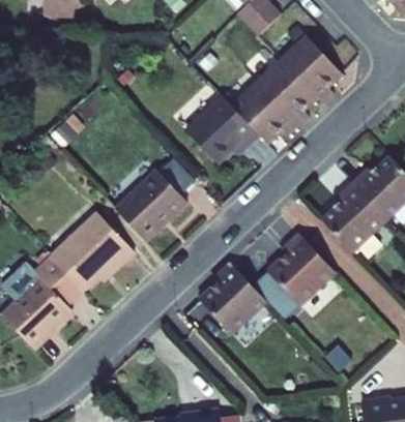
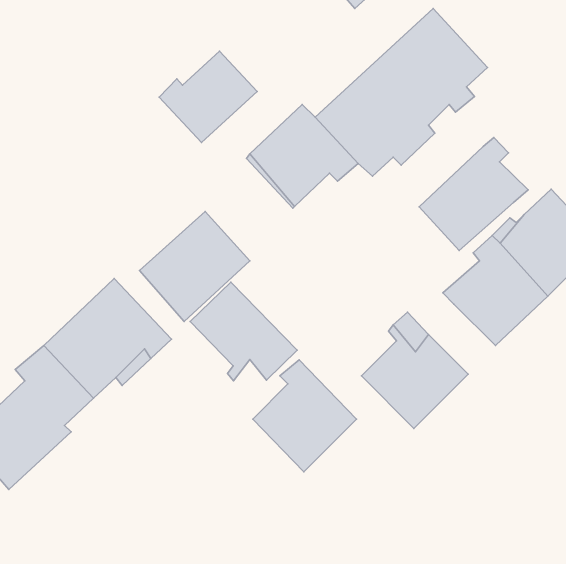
building: none -> [159,51,257,142]
building: none -> [419,137,528,251]
building: none -> [190,282,297,381]

